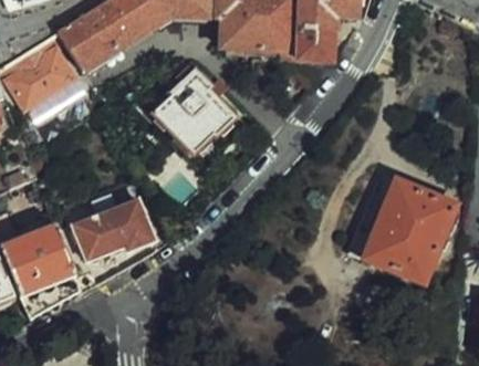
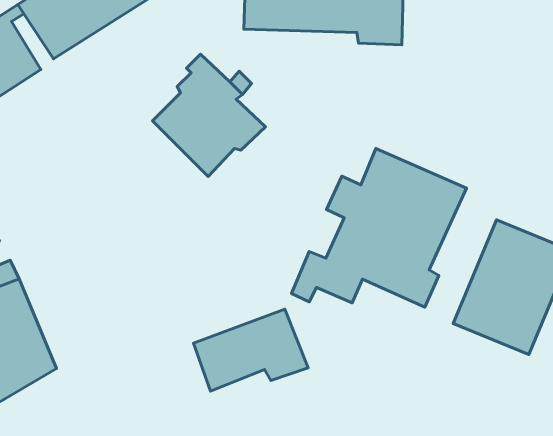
building: none -> [292,149,467,307]
building: [75,201,157,260] -> [193,309,308,391]

